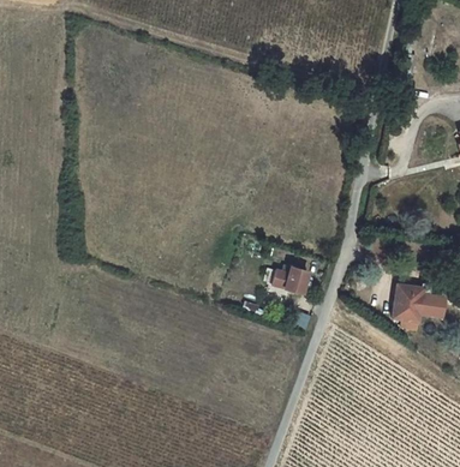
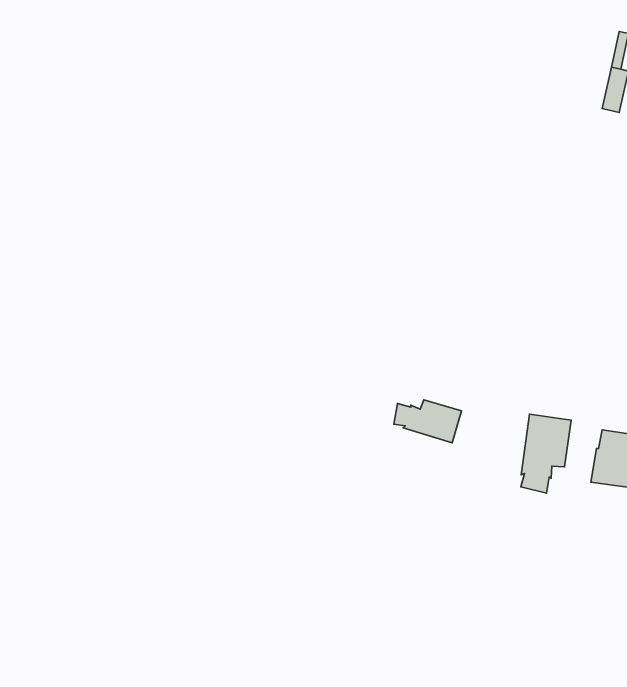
building: none -> [521,414,571,493]

